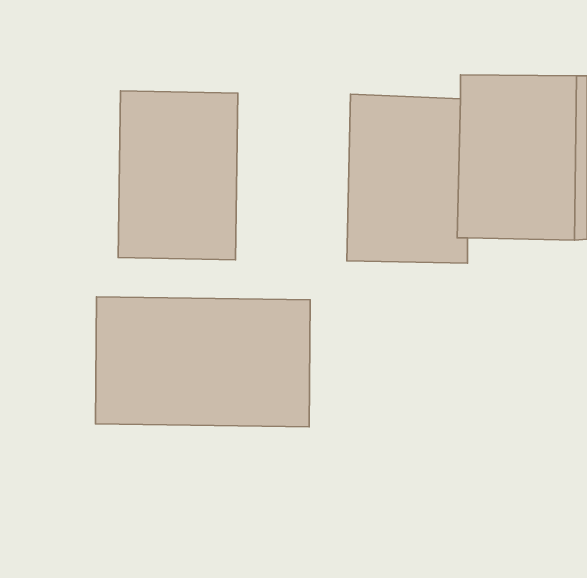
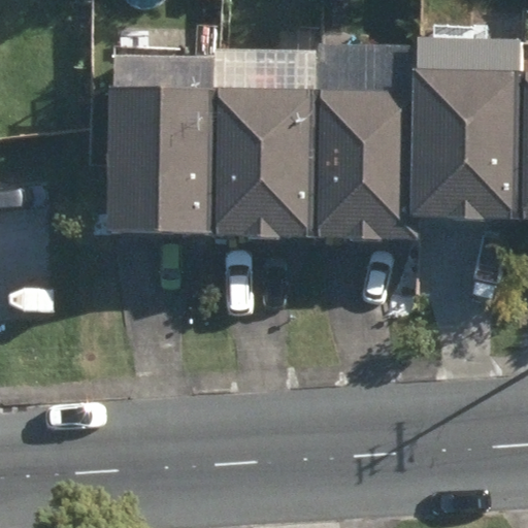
building: none -> [211,84,315,234]
building: [96,297,310,427] -> none

